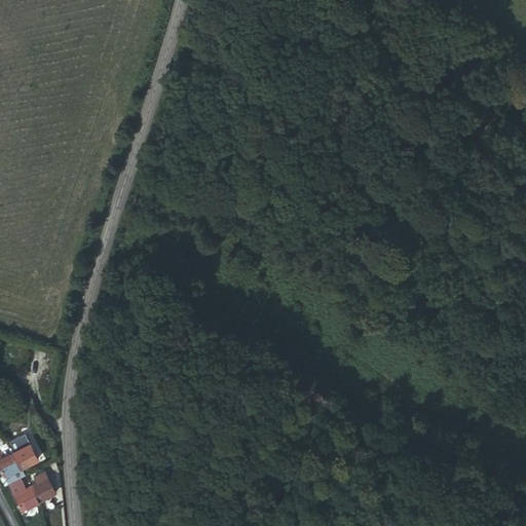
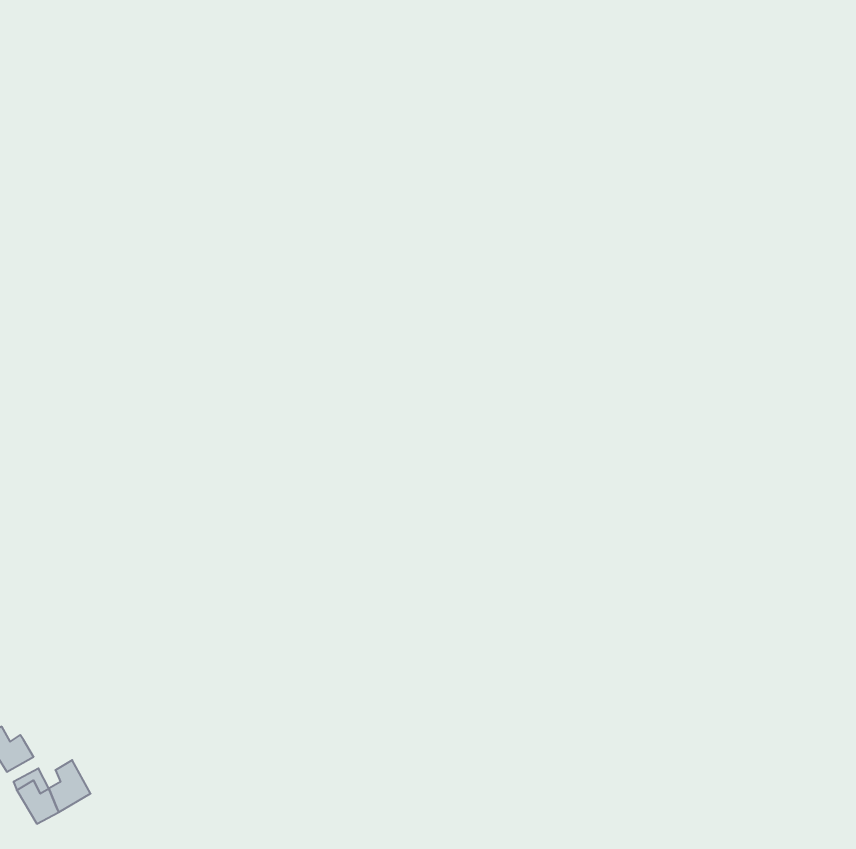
building: [12,438,37,468] -> none

